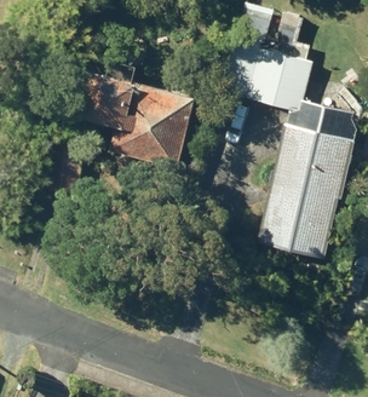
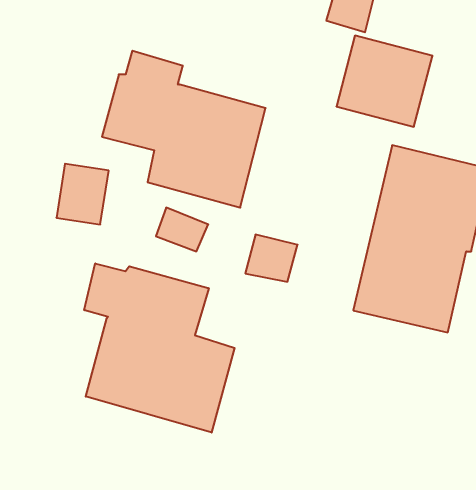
building: none -> [84,263,235,433]

